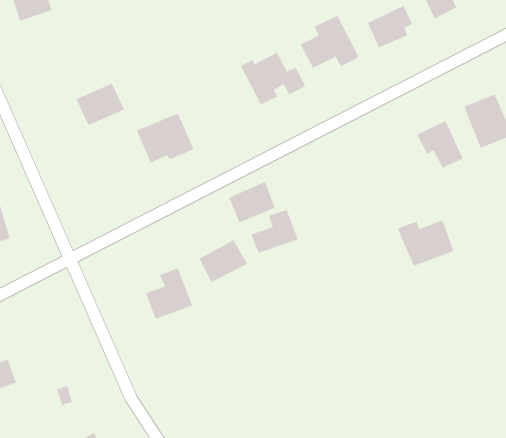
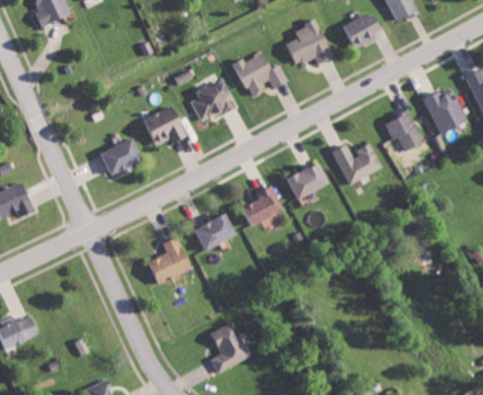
building: [75,83,125,126] -> [101,137,144,175]
building: none -> [190,80,236,122]
building: [229,181,276,223] -> [288,163,328,199]
building: [397,220,454,266] -> [330,143,379,183]
building: none -> [209,320,252,373]

